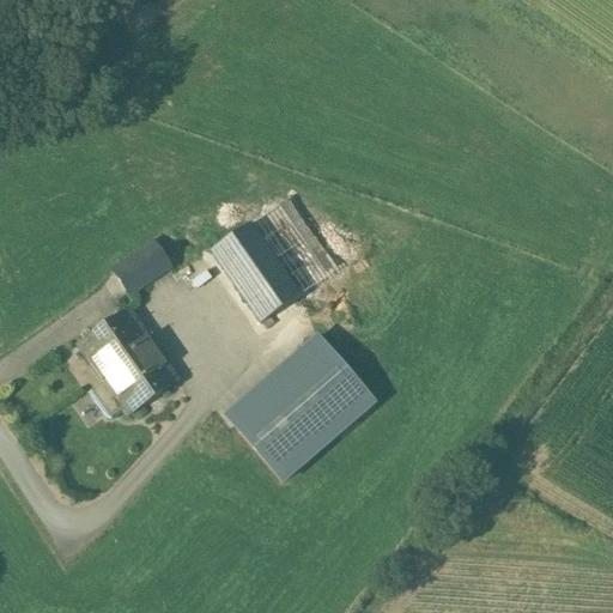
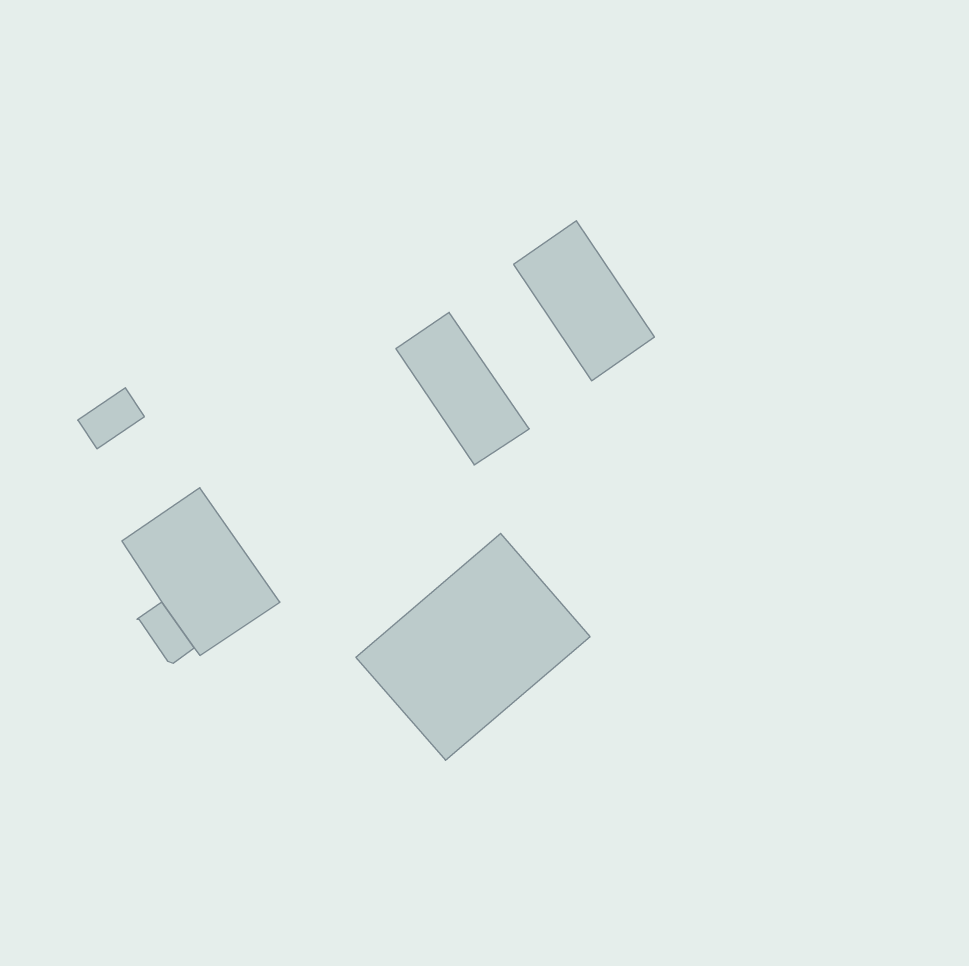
building: [212,219,301,320] -> [514,221,654,381]
building: [119,253,160,291] -> [78,388,144,449]

